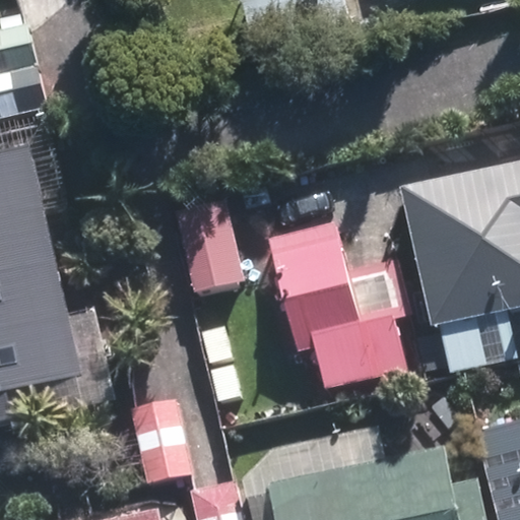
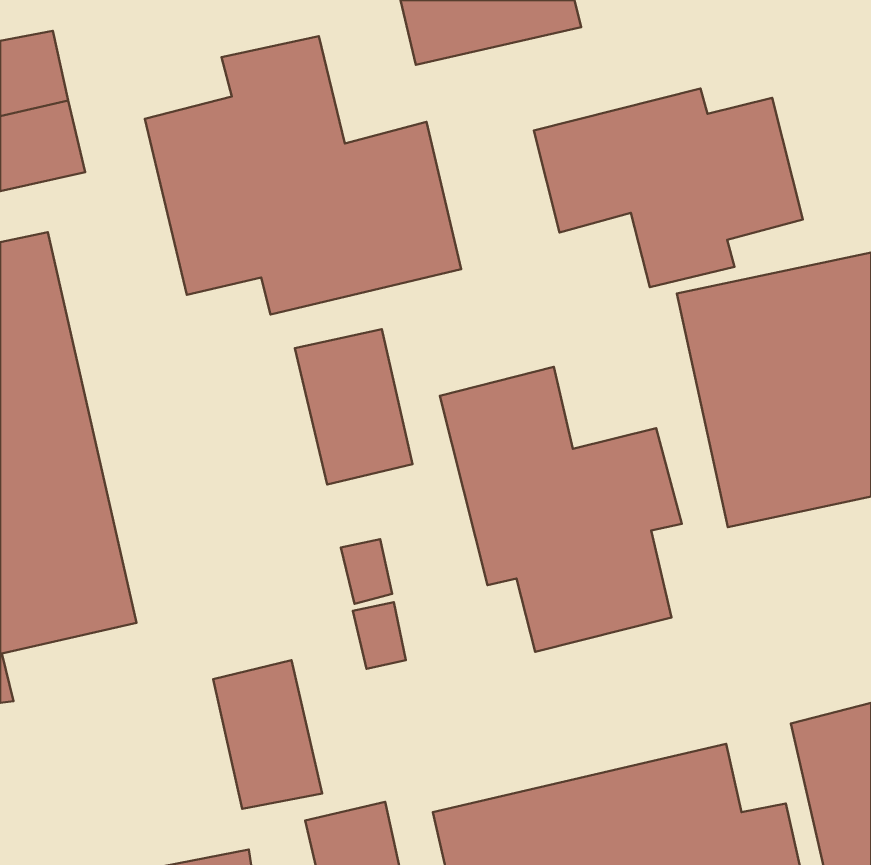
building: none -> [145,36,461,315]
building: none -> [534,88,803,287]

